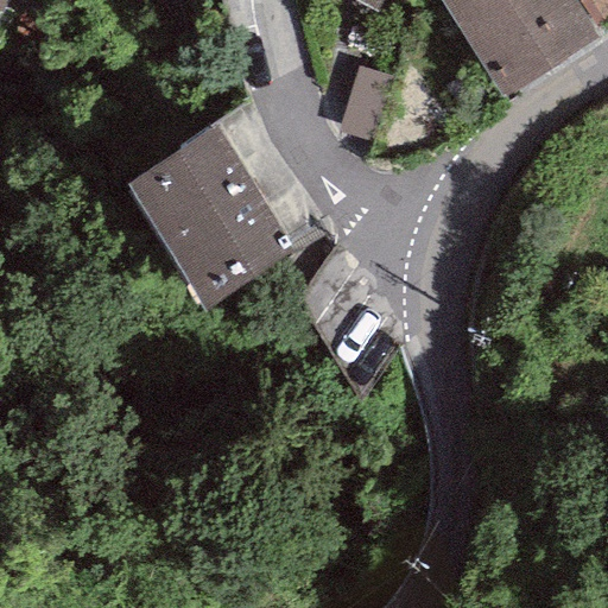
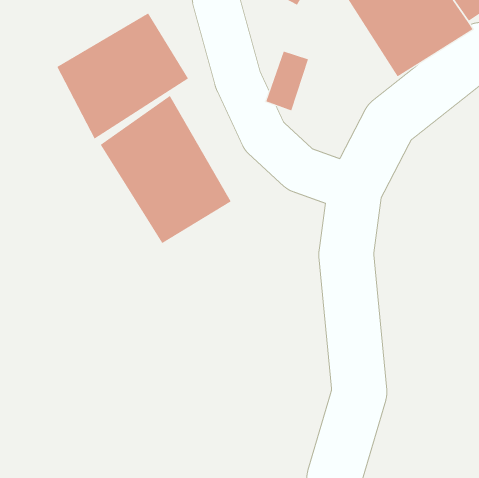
building: none -> [57,12,189,139]

